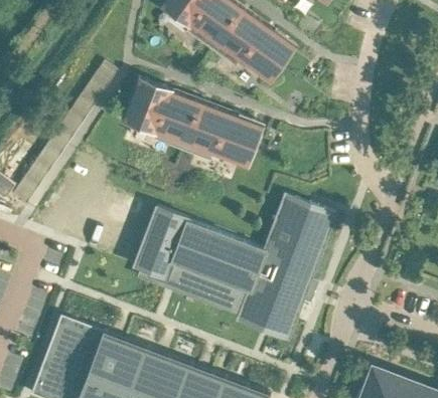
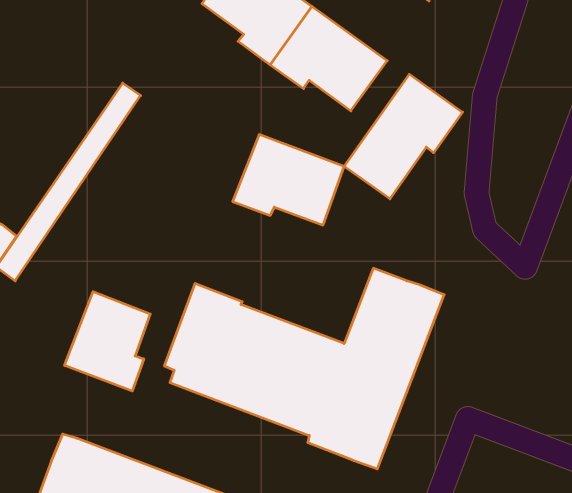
building: none -> [344,74,463,199]
building: [124,75,202,147] -> none
building: none -> [65,292,150,391]

